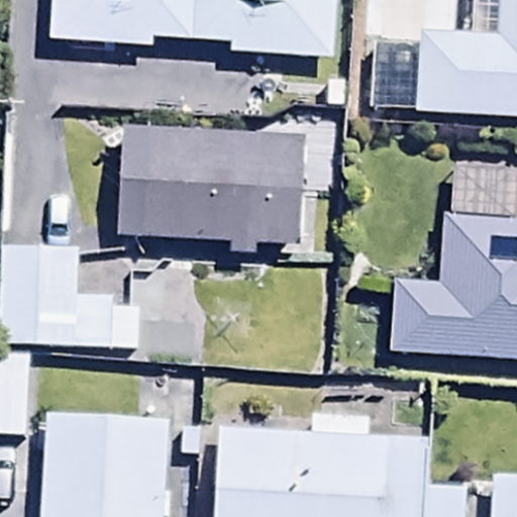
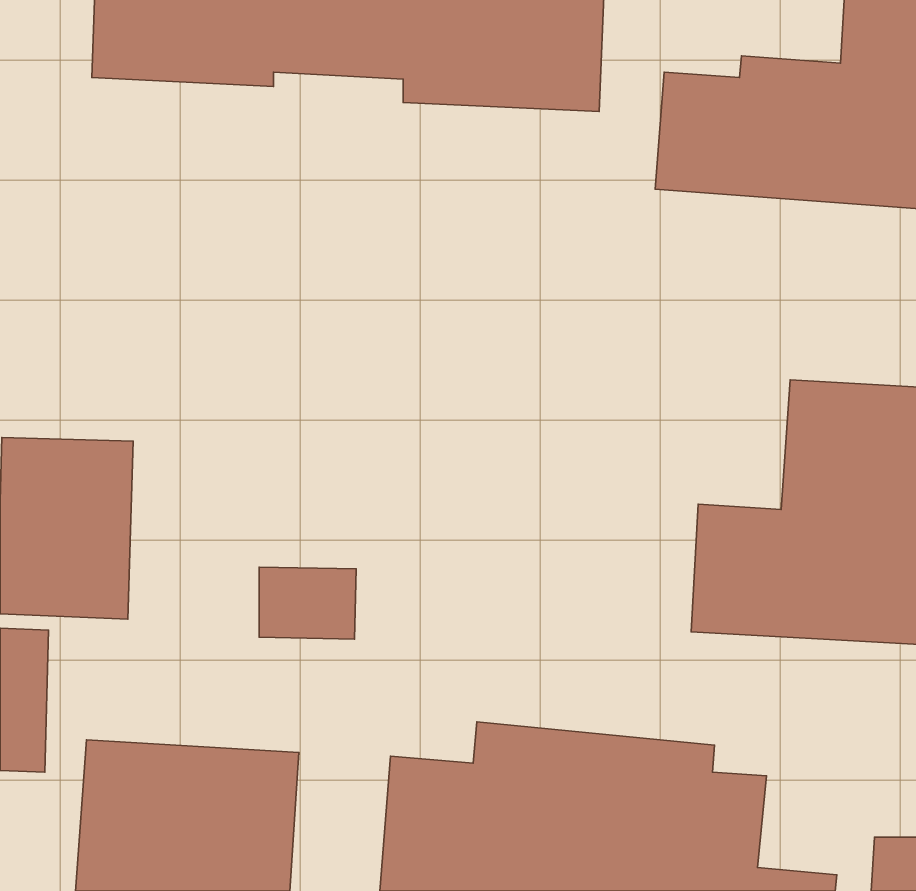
building: [118,132,302,247] -> none

